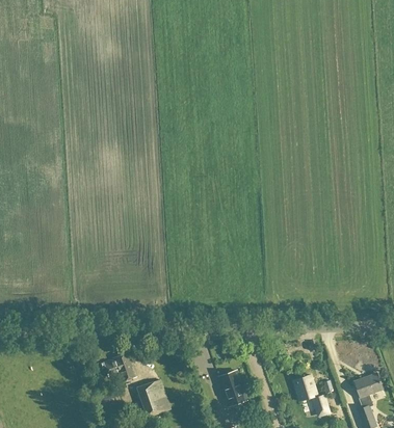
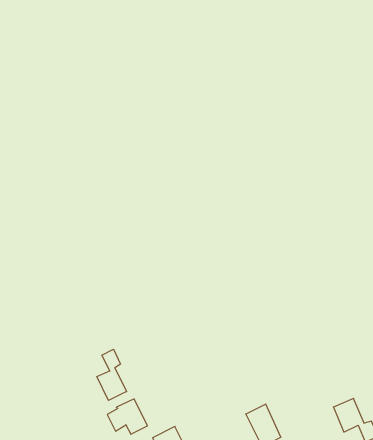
building: none -> [97,349,127,400]

